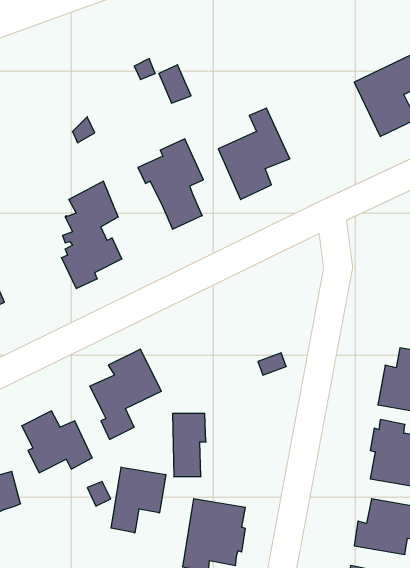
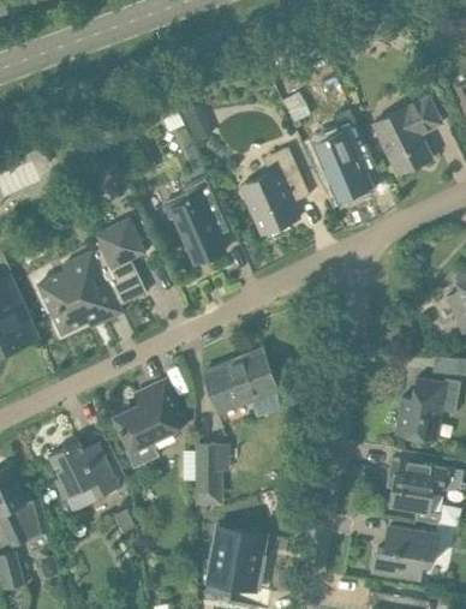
building: none -> [313,112,378,203]
building: none -> [47,252,102,334]
building: none -> [203,350,279,412]
building: [111,467,166,533] -> none

